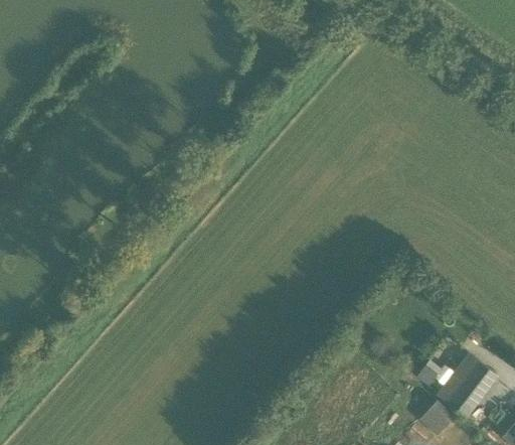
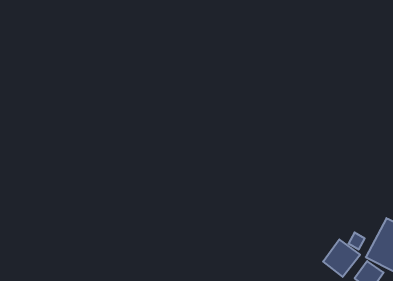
building: none -> [323,239,360,277]

